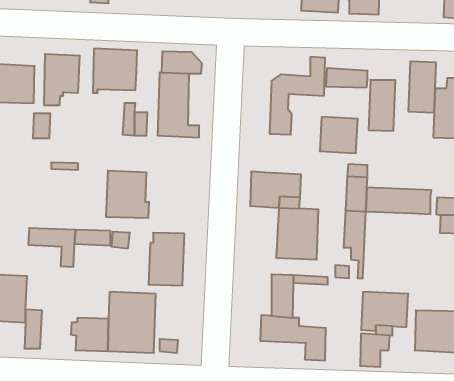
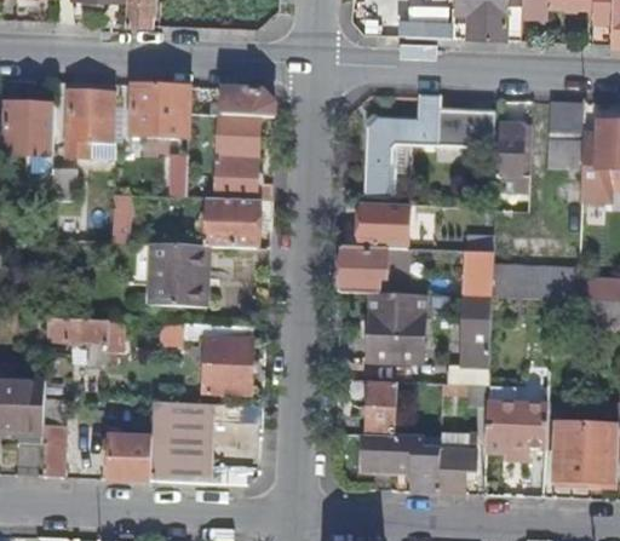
building: [320,117,358,153] -> [357,201,407,248]
building: none -> [207,197,271,247]
building: [360,334,390,367] -> [436,449,475,493]

